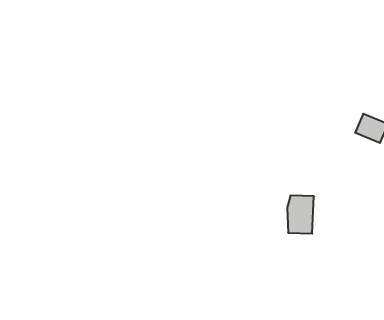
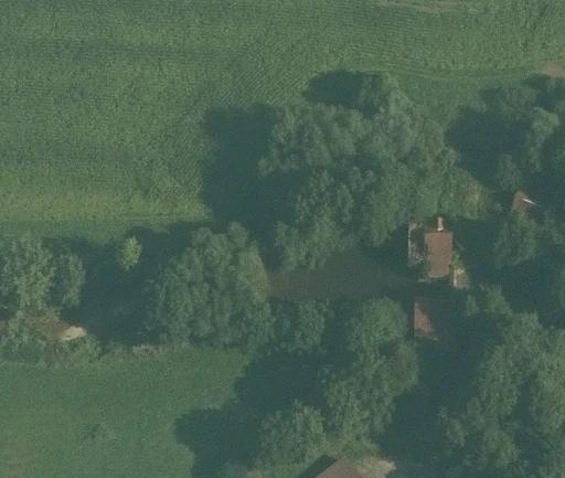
building: none -> [407,226,451,272]

